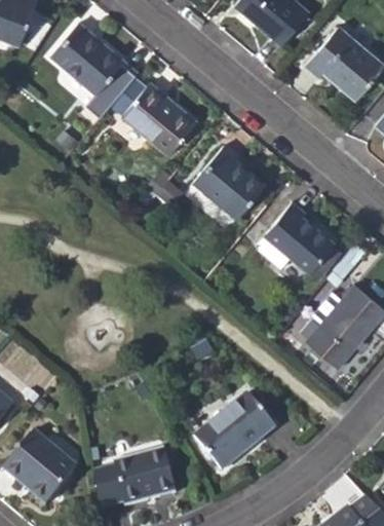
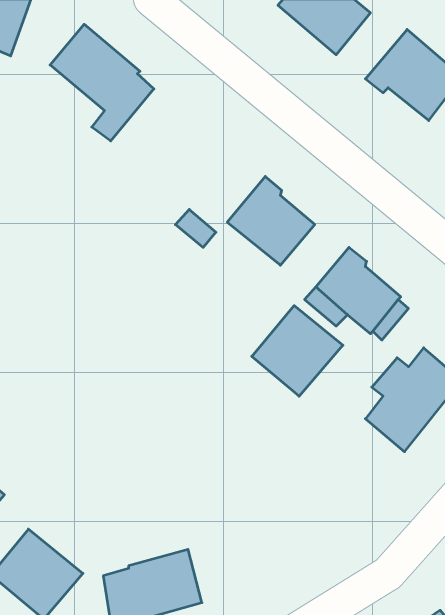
building: [122,82,196,155] -> none
building: none -> [252,306,343,396]
building: [194,392,275,471] -> none

